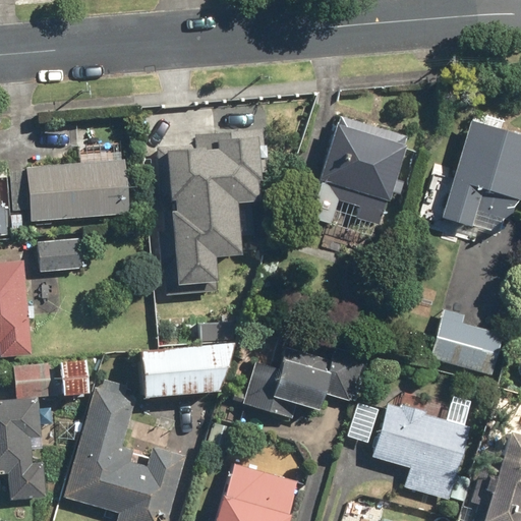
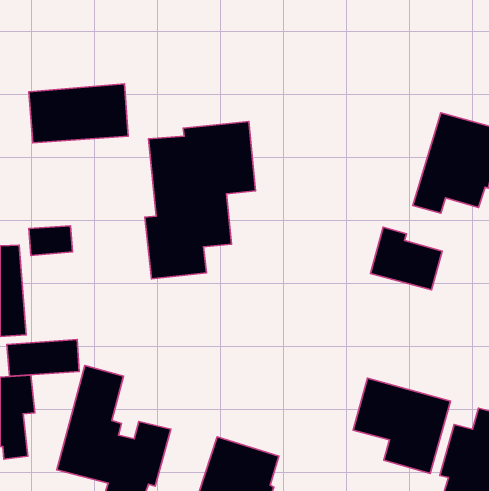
building: [306,117,407,225] -> none
building: [24,160,129,222] -> [29,84,128,143]
building: [425,309,501,375] -> [371,227,442,290]
building: [133,343,235,398] -> none
building: [241,346,366,419] -> none

